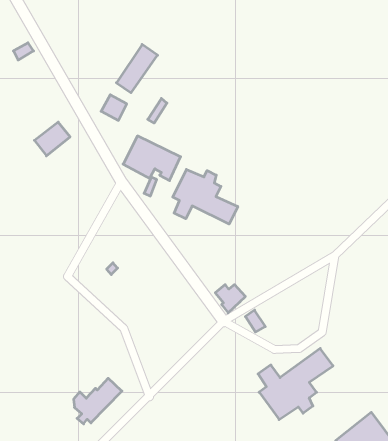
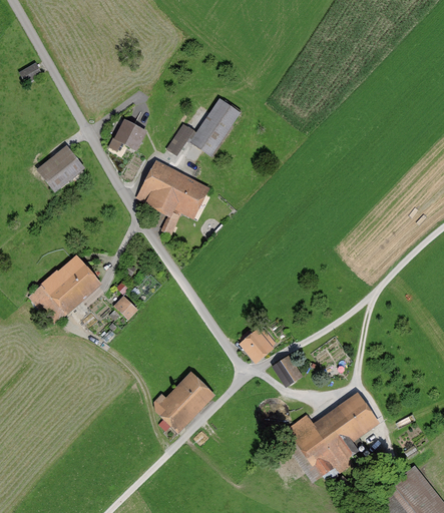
building: [116,44,158,93] -> [195,100,241,153]
building: [173,169,238,224] -> none
building: none -> [31,258,96,318]
building: [74,378,122,424] -> [156,379,209,429]

